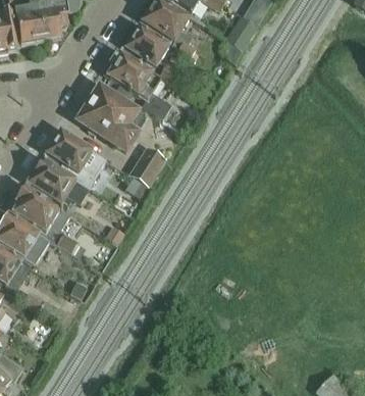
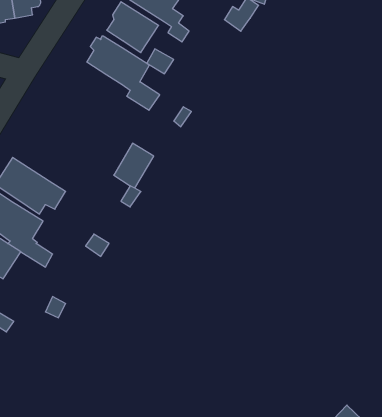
building: [79,86,147,148] -> none
building: [47,129,107,186] -> none

